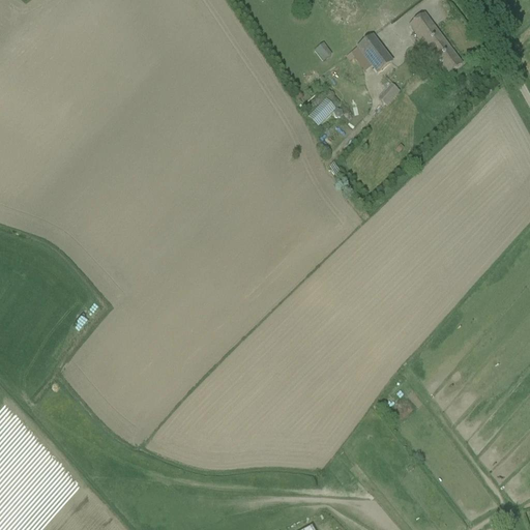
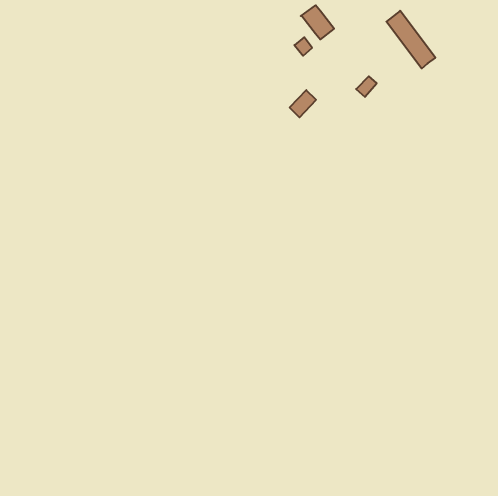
building: [358,34,393,70] -> [301,5,334,39]

